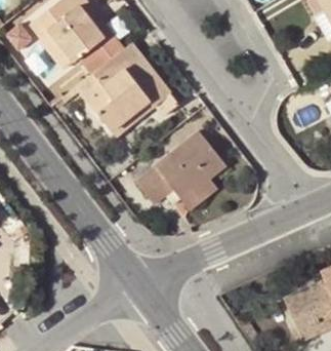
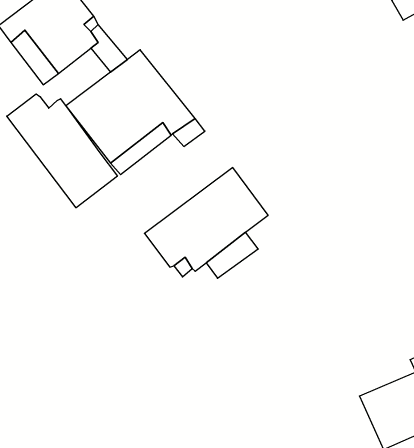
building: none -> [7,94,117,208]

